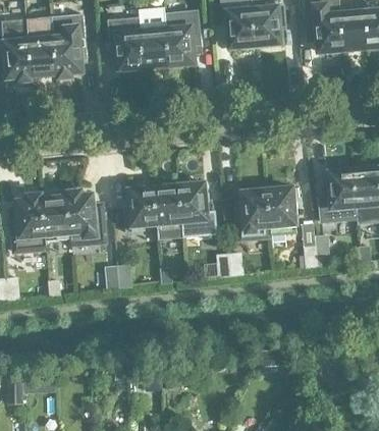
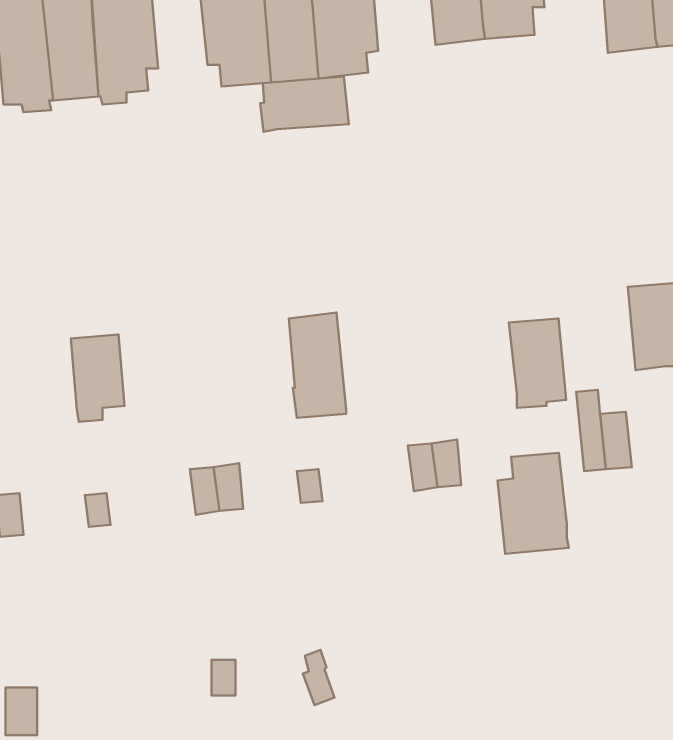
building: none -> [260,76,349,132]
building: [178,183,215,235] -> none
building: [123,188,157,237] -> none
building: [235,191,272,243] -> [497,453,569,554]
building: [66,195,96,238] -> none
building: [10,199,47,252] -> none

